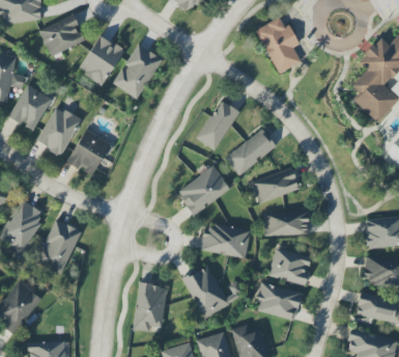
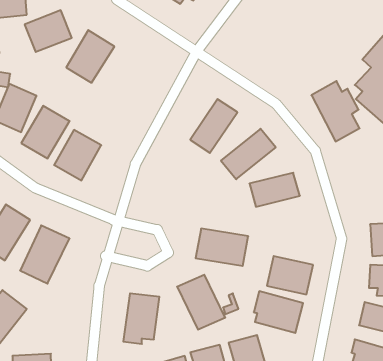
building: [256,17,302,74] -> [311,81,360,141]
building: [112,44,163,99] -> none
building: [176,165,230,215] -> none
building: [263,211,309,236] -> none

